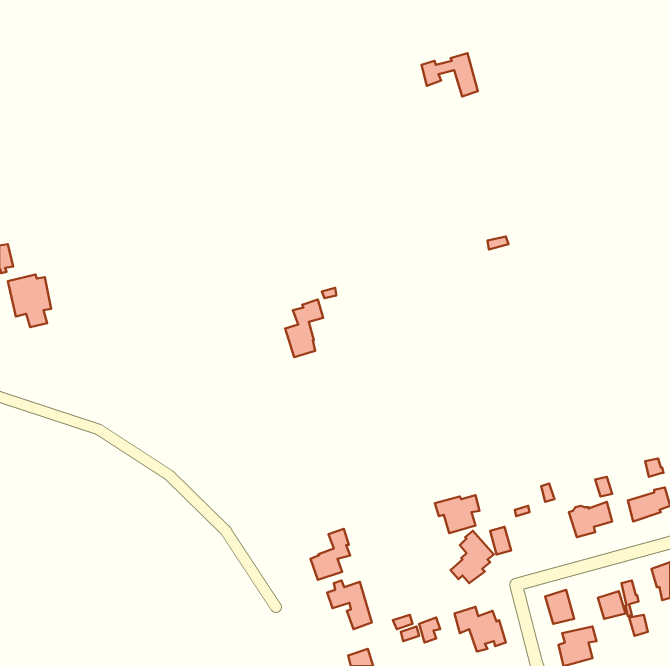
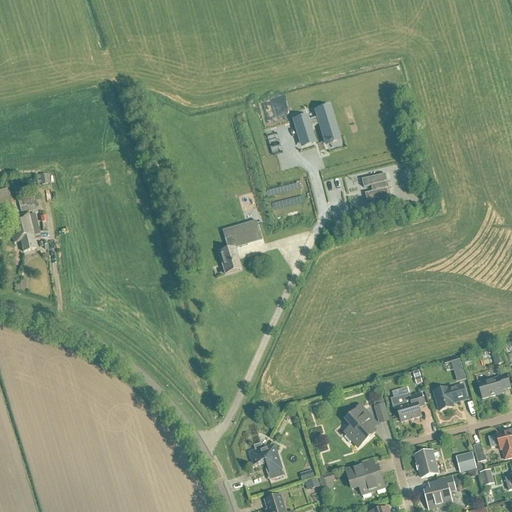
building: [421,53,478,96] -> [294,109,337,142]
building: [435,495,479,533] -> [390,391,424,420]
building: [311,529,350,580] -> none

